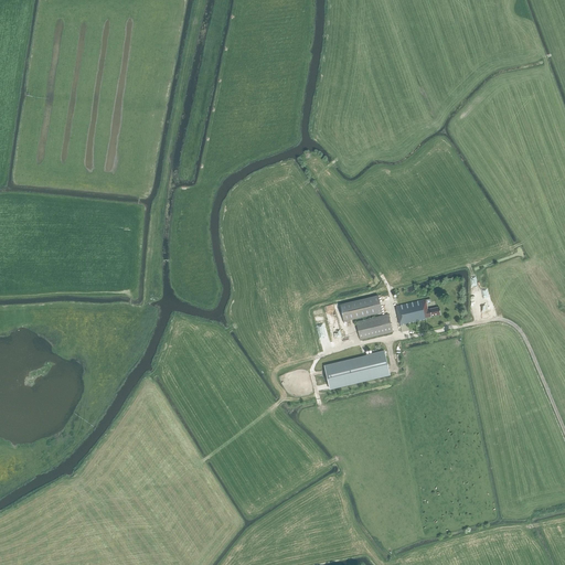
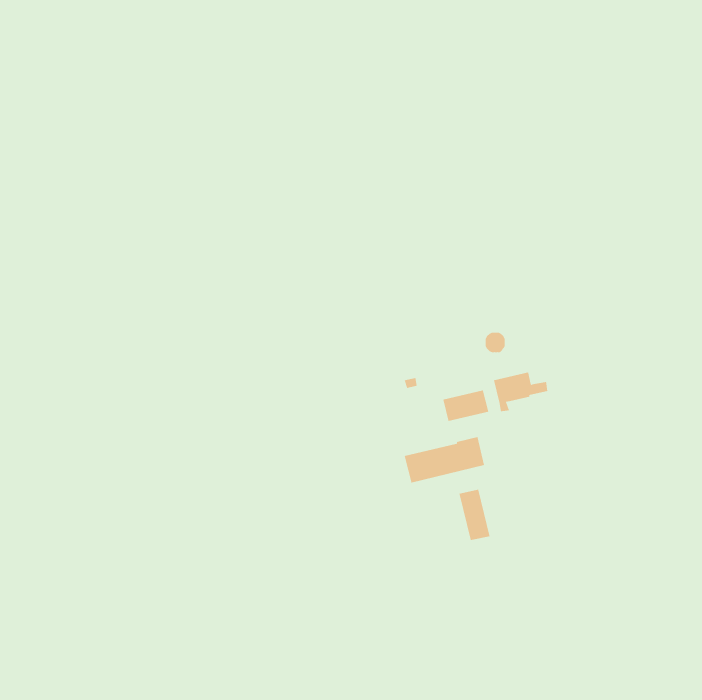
building: [340,295,382,321] -> none
building: none -> [459,489,490,541]

